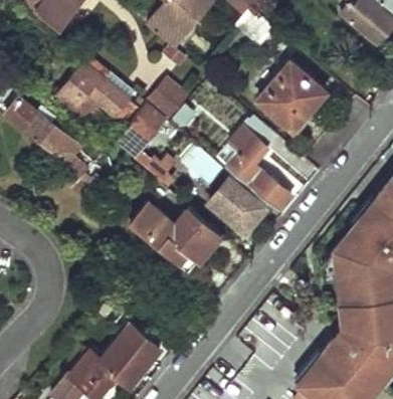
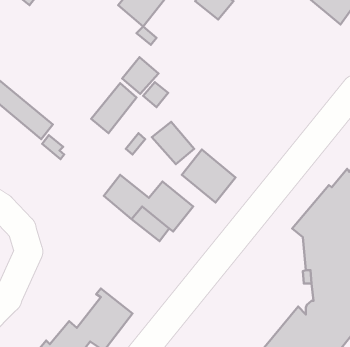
building: [55,63,135,125] -> none
building: [256,63,319,131] -> none
building: [216,117,291,211] -> none

